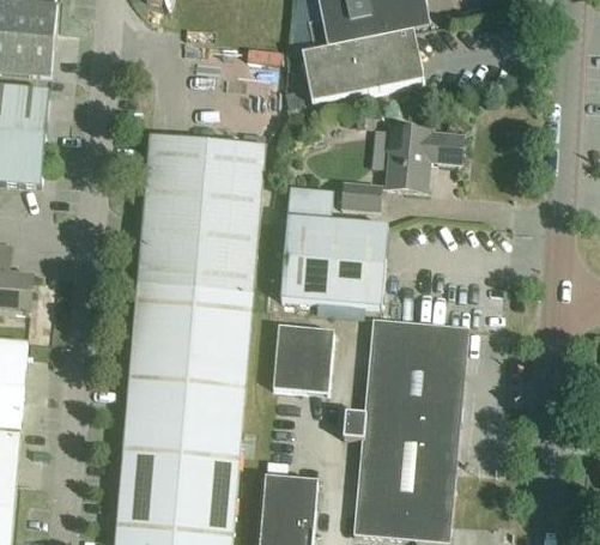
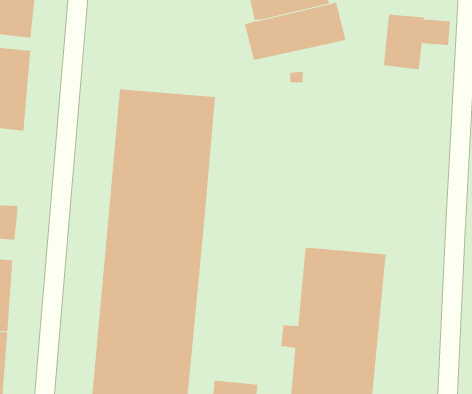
building: [384,126,465,192] -> [383,14,451,70]
building: [339,181,380,211] -> none
building: [281,192,389,310] -> none
building: [273,328,334,395] -> none

